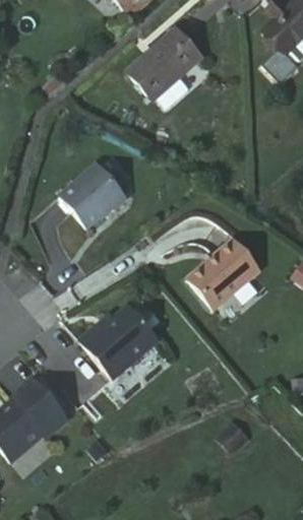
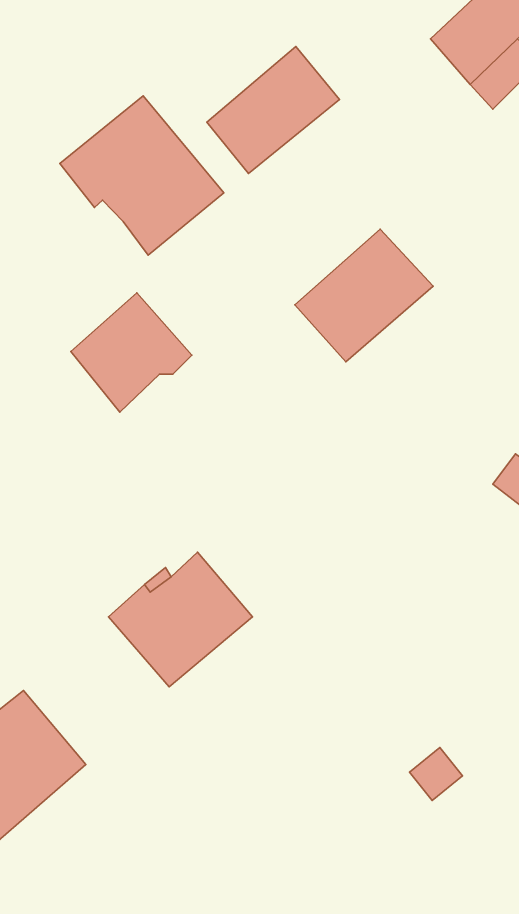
building: none -> [60,96,224,255]
building: [179,237,253,308] -> [295,229,433,362]

